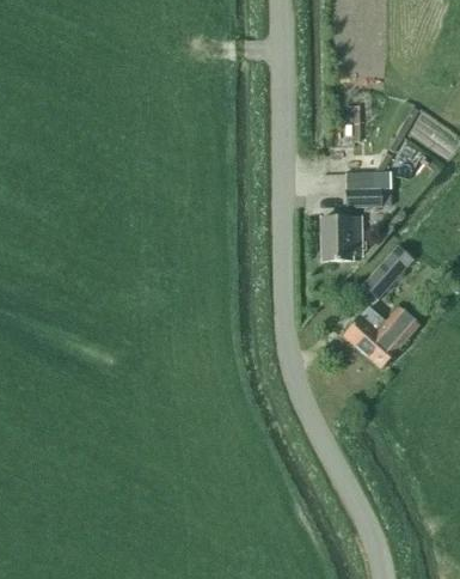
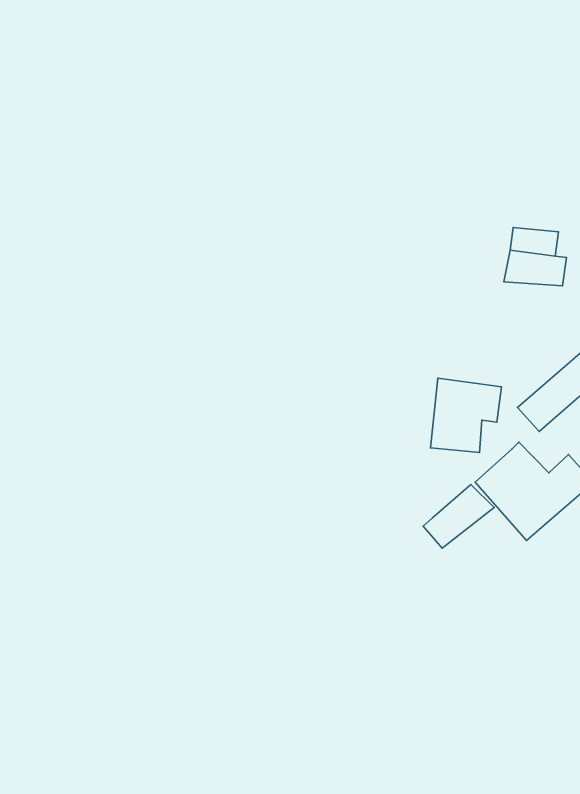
building: [321,217,362,261] -> [430,378,502,452]
building: none -> [423,484,494,548]

